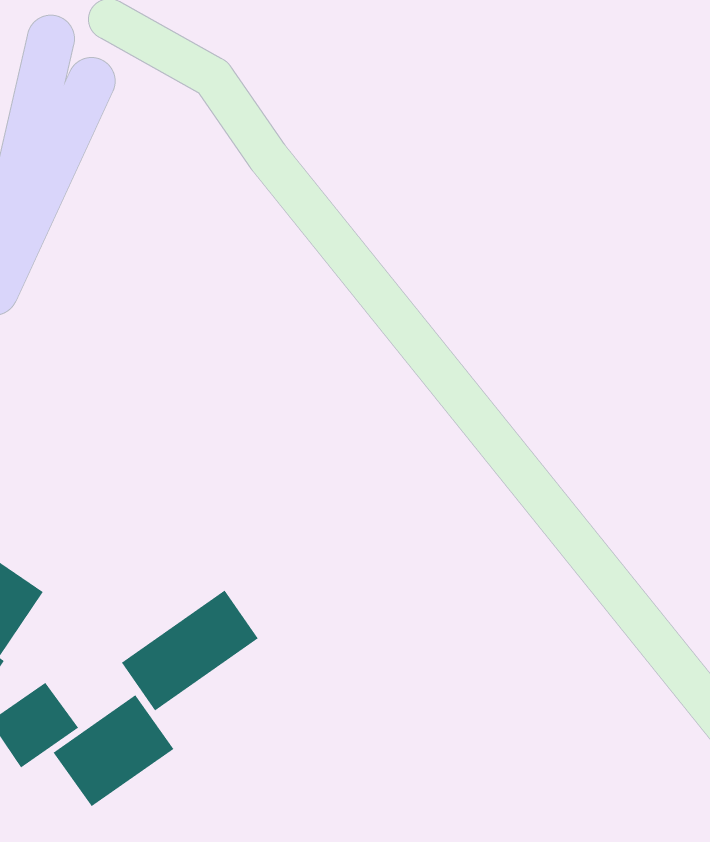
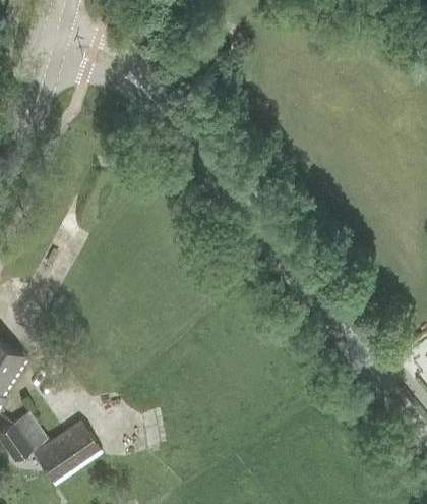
building: [121,589,259,712] -> none

